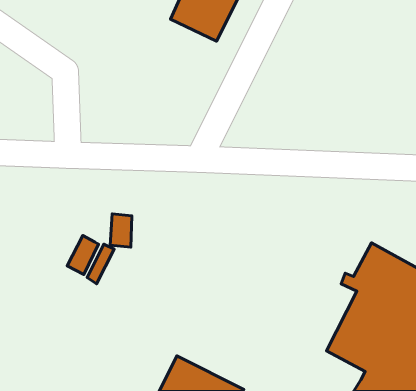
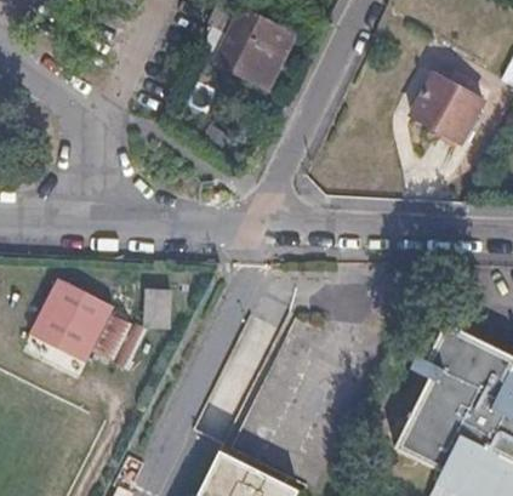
building: none -> [410,75,484,147]
building: none -> [22,275,113,372]

